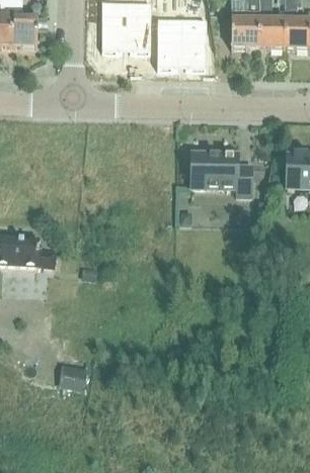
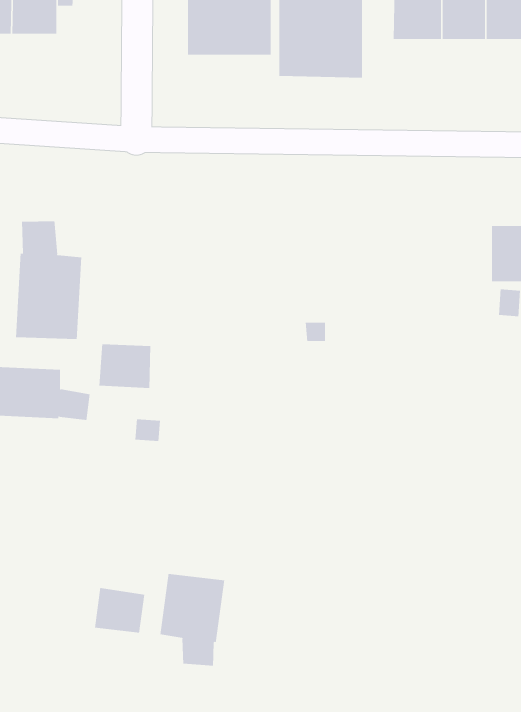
building: none -> [16,220,82,340]
building: [190,152,251,193] -> none
building: none -> [99,343,151,389]
building: none -> [160,573,225,666]

